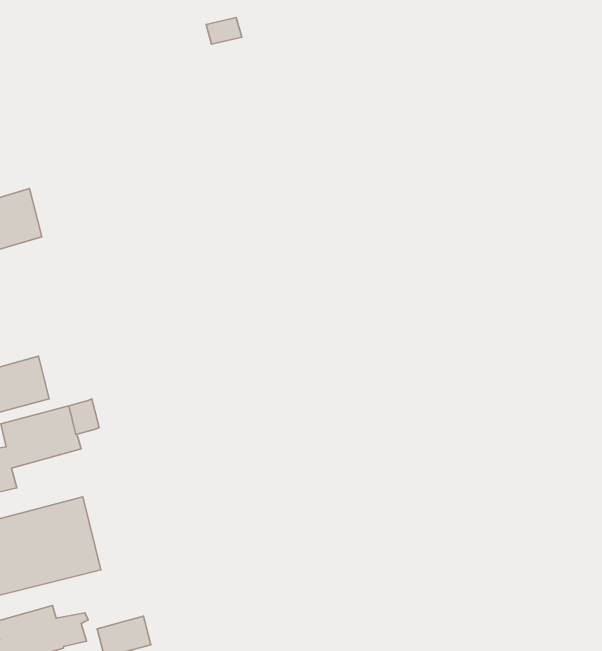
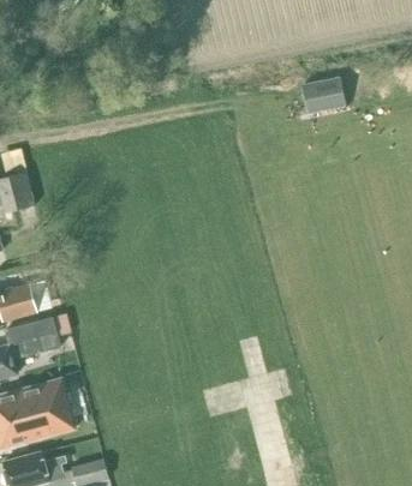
building: none -> [301,76,346,114]

